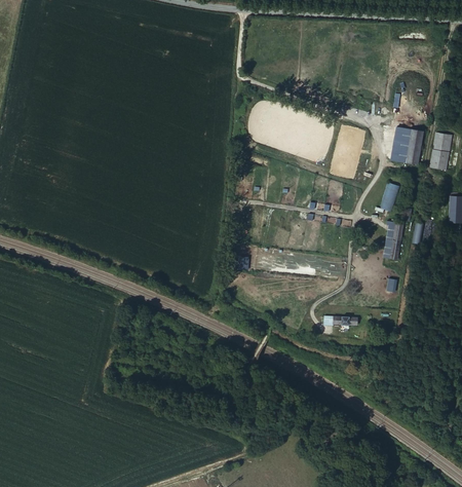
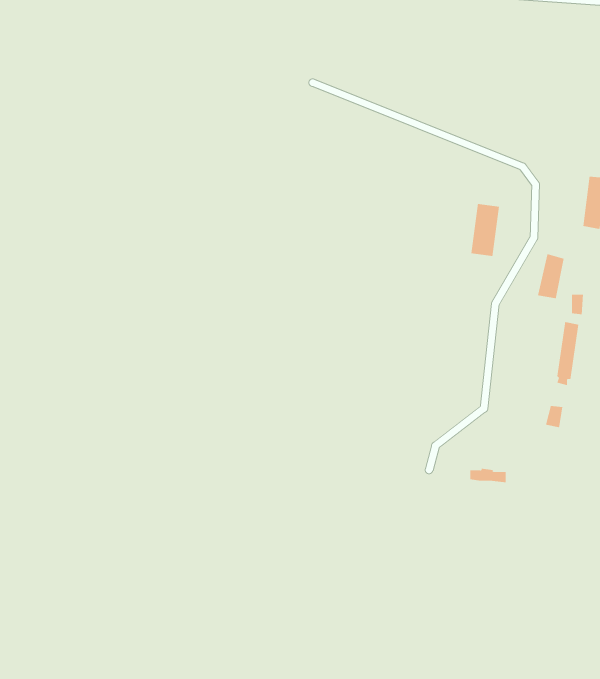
building: [390,127,409,161] -> [471,203,500,257]

